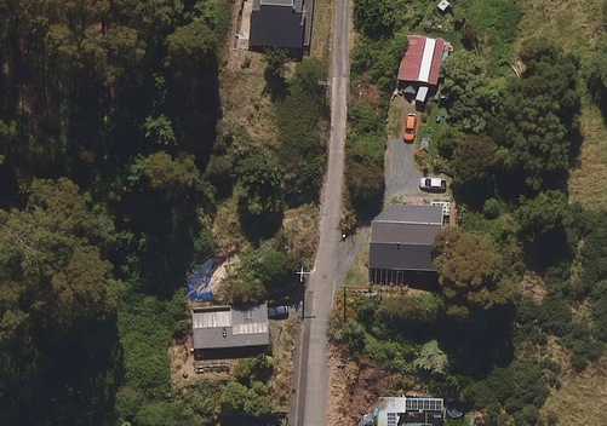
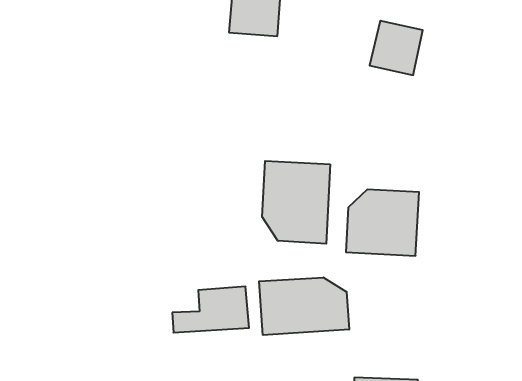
building: none -> [262,161,330,244]
building: none -> [259,277,349,335]

